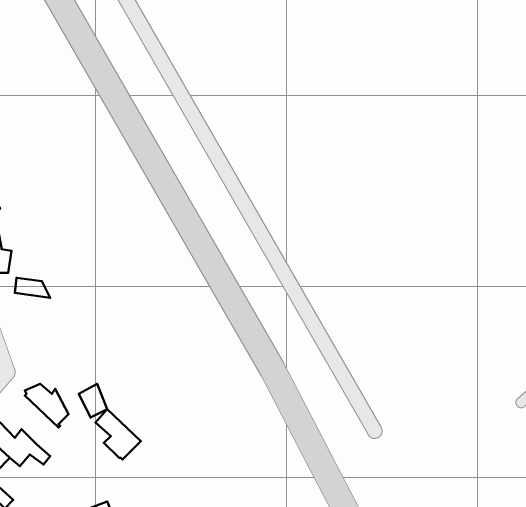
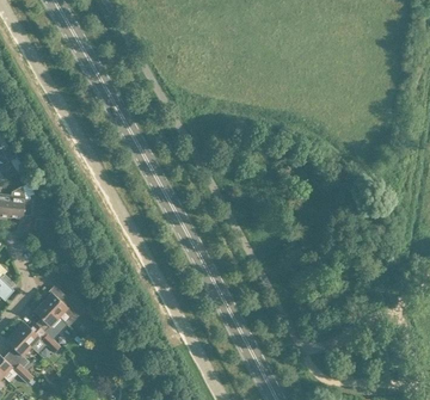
building: [96,409,141,460] -> [33,302,66,338]

